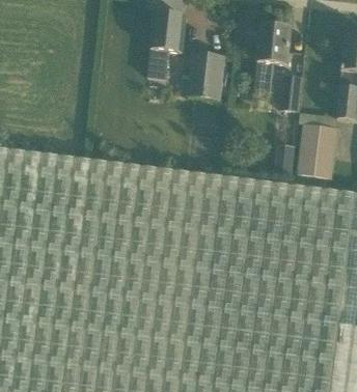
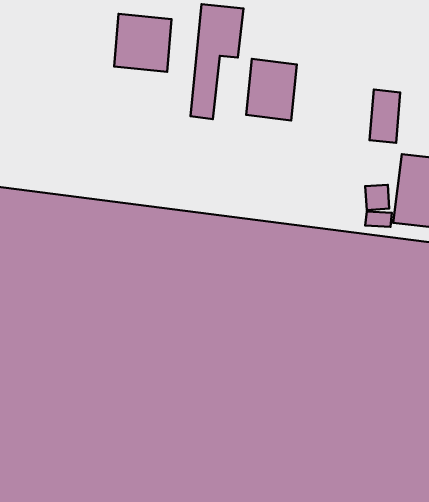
building: none -> [114,14,171,72]
building: [254,24,292,90] -> none

